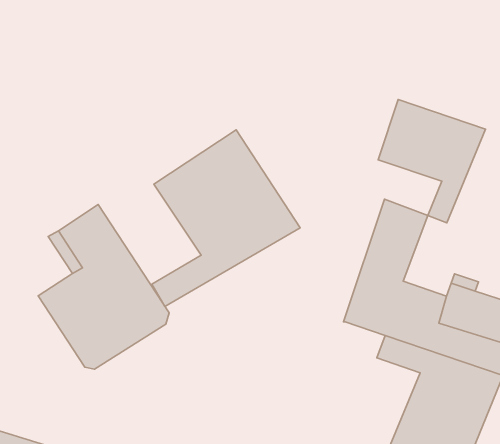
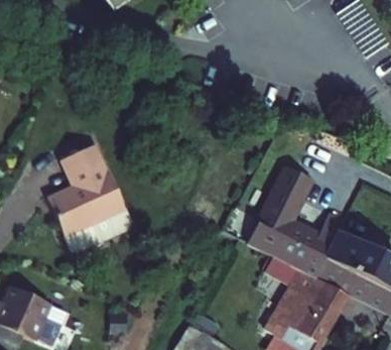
building: [378,100,485,223] -> none
building: [152,130,300,307] -> none

